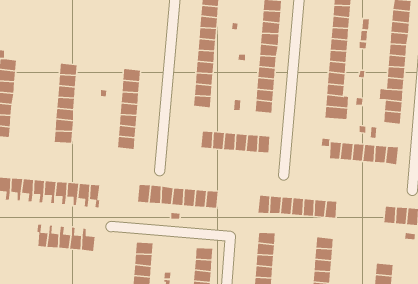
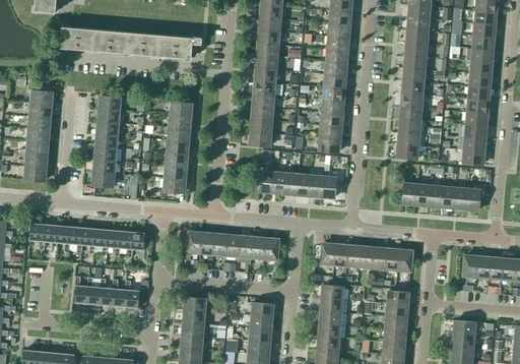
building: none -> [60,29,202,58]

